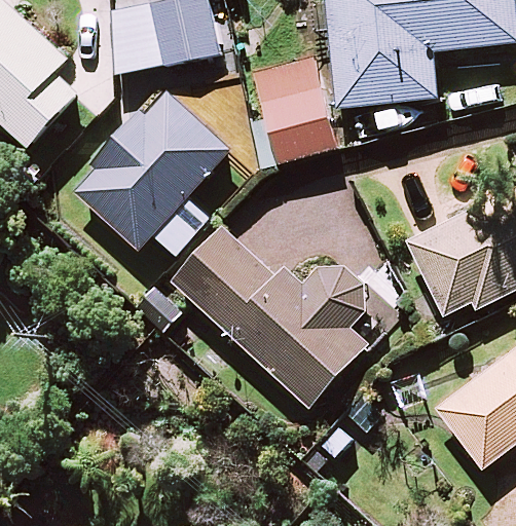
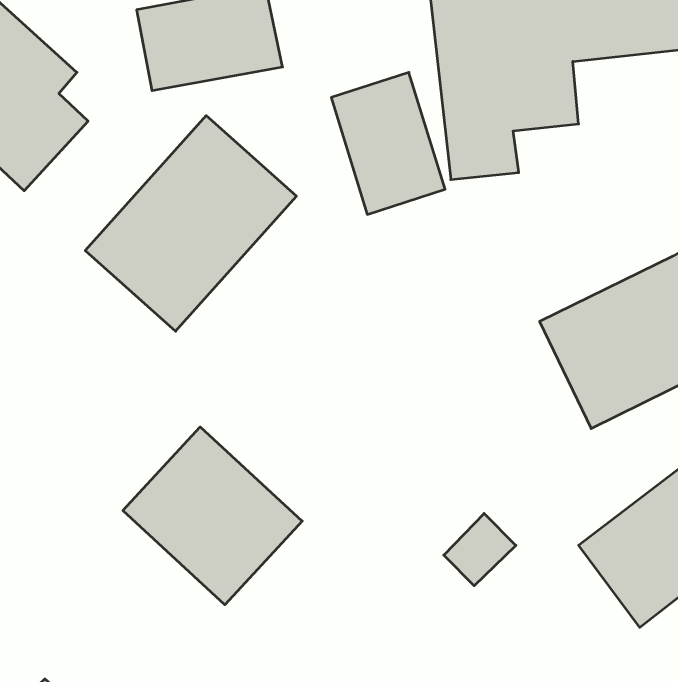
building: [171,226,372,406] -> none
building: none -> [123,427,302,605]

